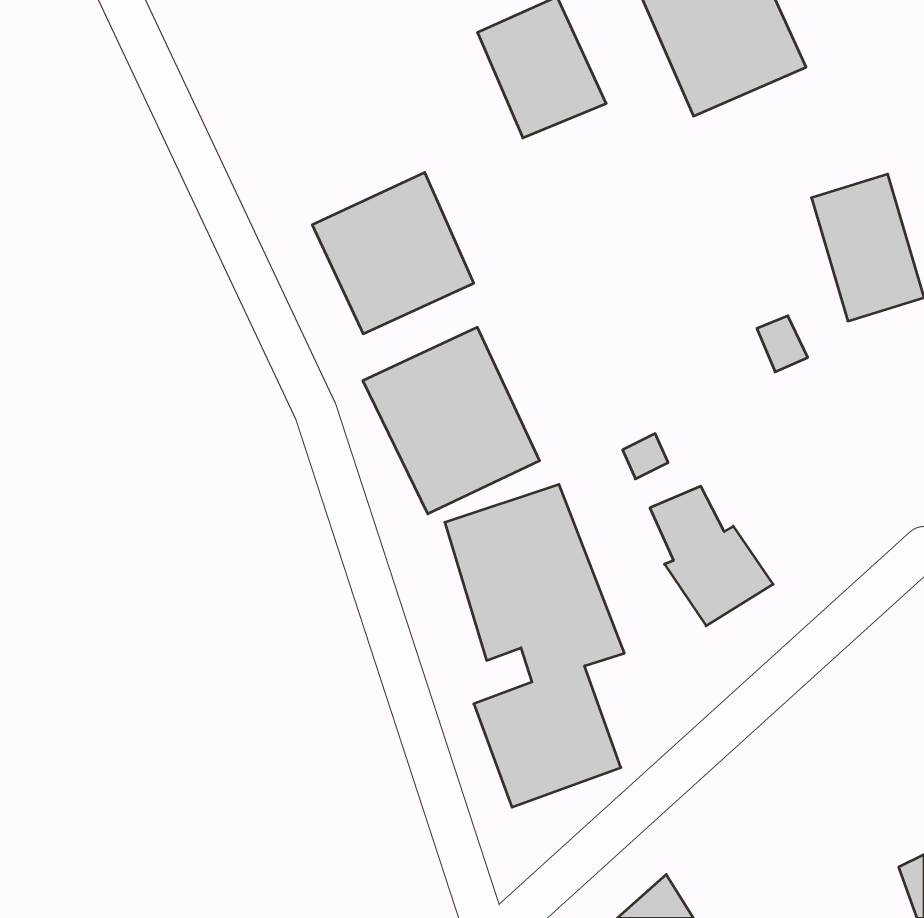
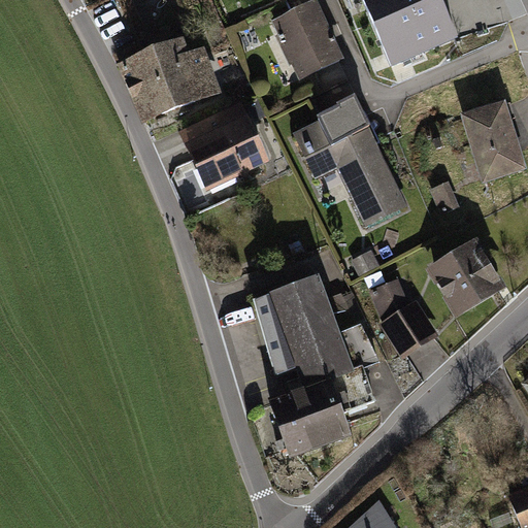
building: none -> [118,37,223,123]
building: none -> [293,97,408,226]
building: [363,327,540,514] -> none
building: none -> [425,237,508,318]

